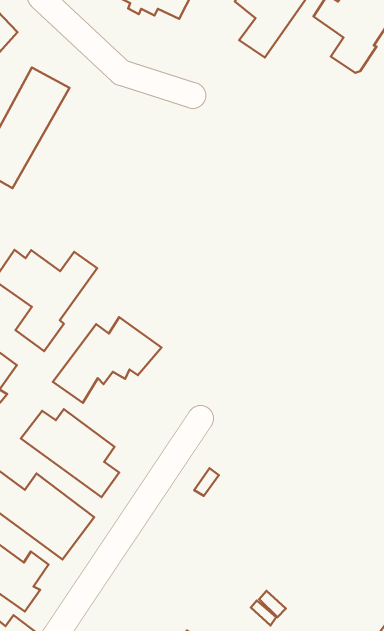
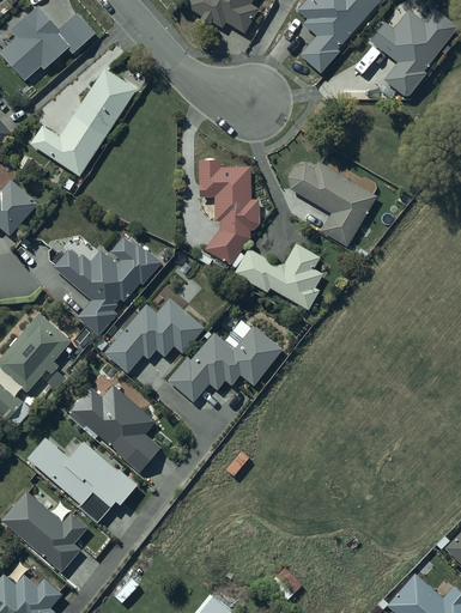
building: none -> [285,162,377,248]
building: none -> [196,159,259,263]
building: none -> [232,243,321,309]
building: none -> [166,332,281,408]

